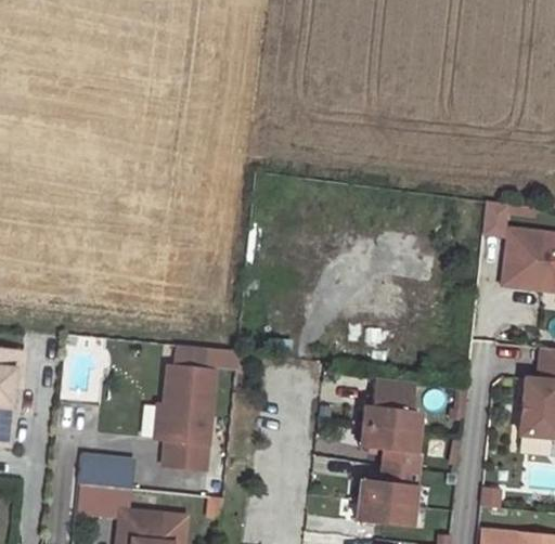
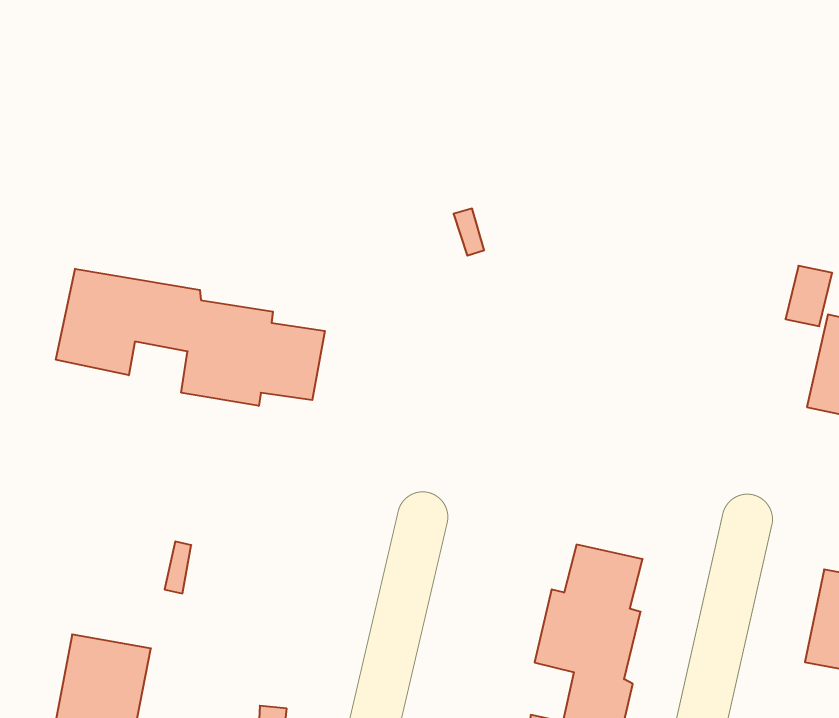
building: none -> [56,269,325,406]
building: [164,351,217,475] -> none

